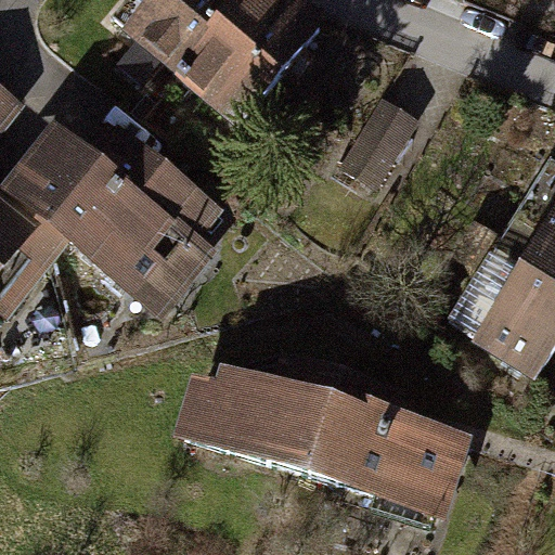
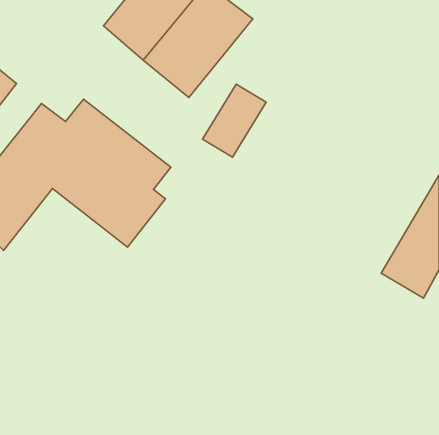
building: [335,95,415,188] -> [202,84,266,157]
building: [186,360,464,515] -> none

